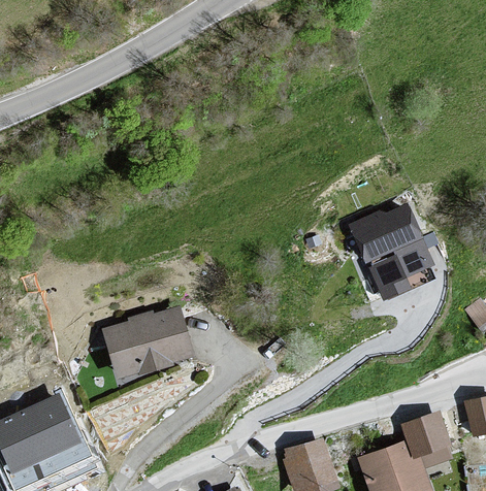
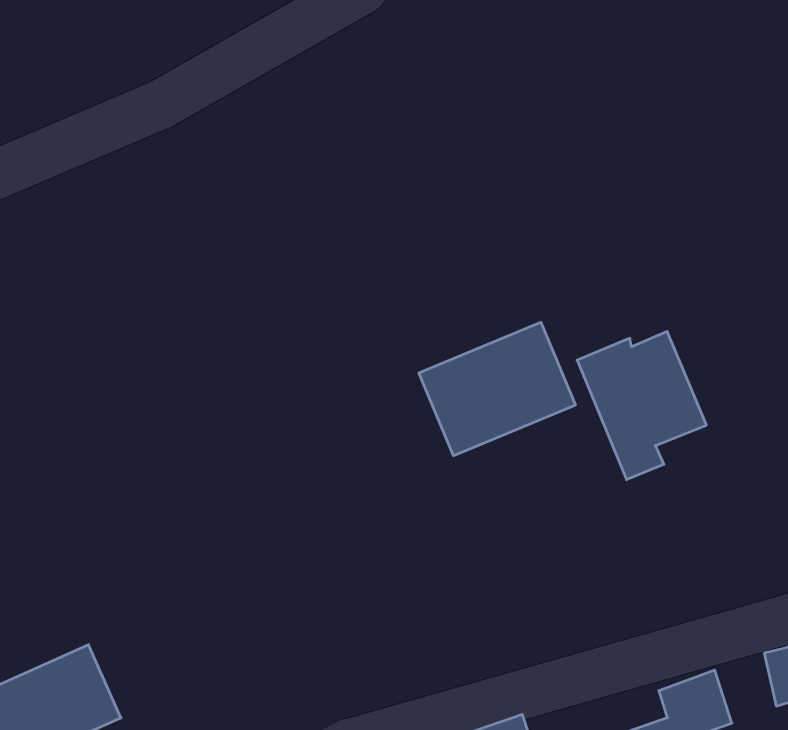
building: none -> [419,322,575,456]
building: [104,308,192,377] -> none

